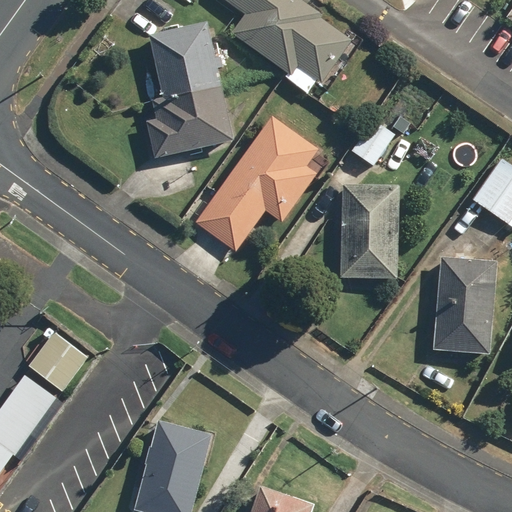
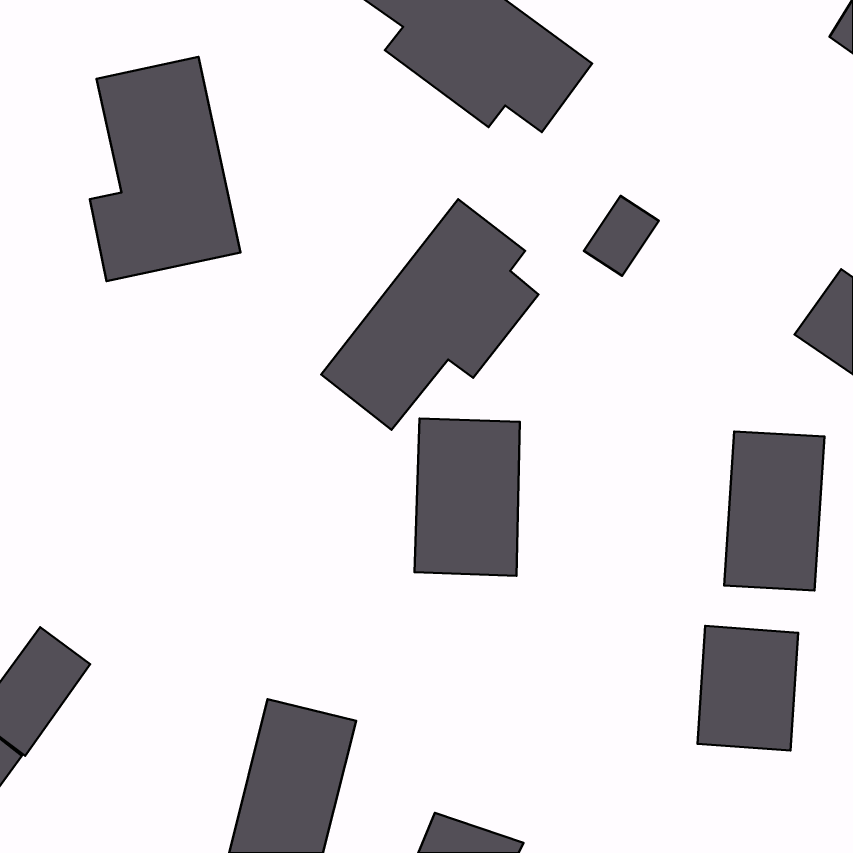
building: [144,22,234,156] -> [90,57,240,281]
building: [339,186,402,280] -> [415,418,520,576]
building: [30,330,91,390] -> none
building: none -> [698,626,798,751]

